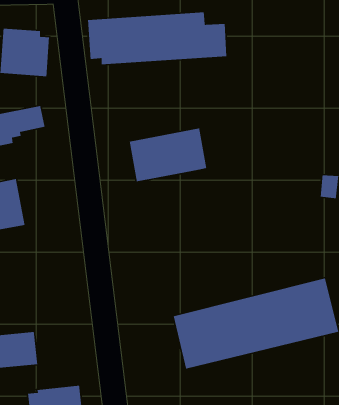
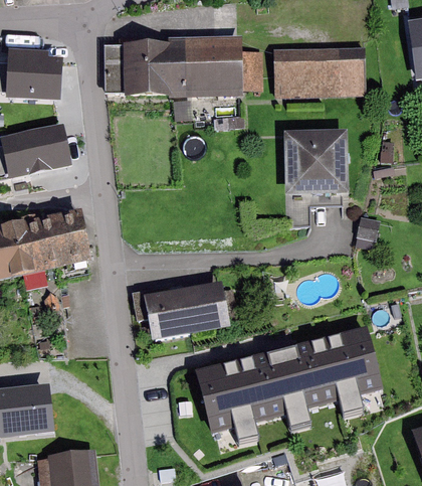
building: none -> [273,47,365,97]
building: none -> [282,129,349,194]
building: [129,128,207,182] -> [143,281,229,341]
building: none -> [24,210,90,273]

